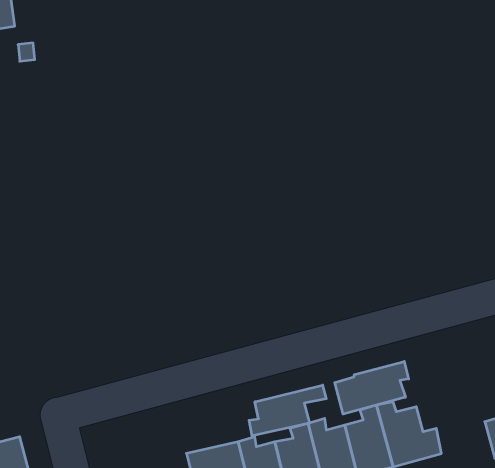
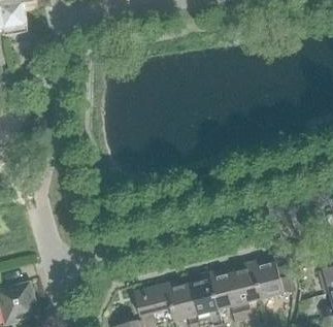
building: [335,361,409,414] -> none
building: [249,385,326,436] -> none

